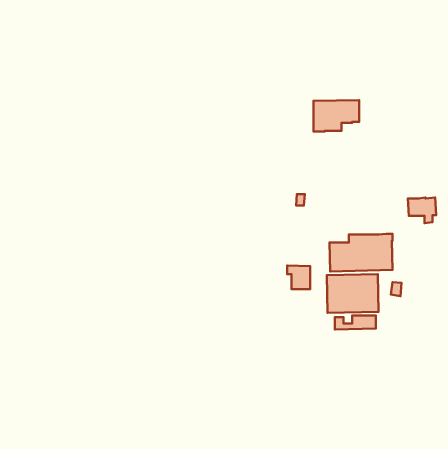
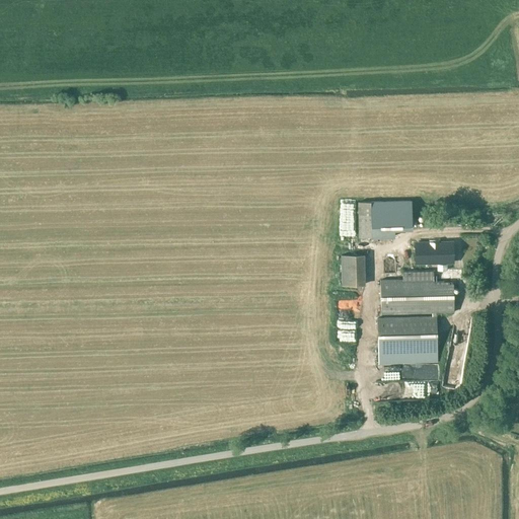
building: [313,100,359,132] -> [359,201,412,237]
building: [408,198,436,223] -> [419,241,451,271]
building: none -> [343,254,364,285]

